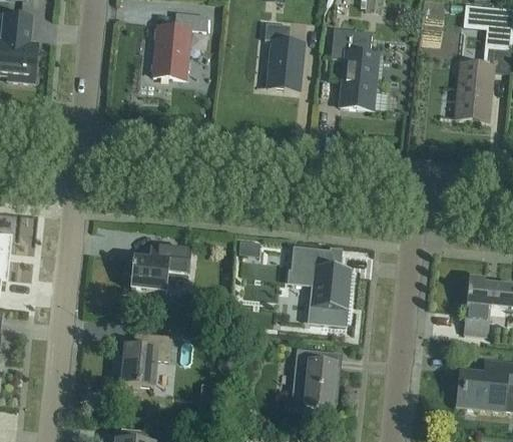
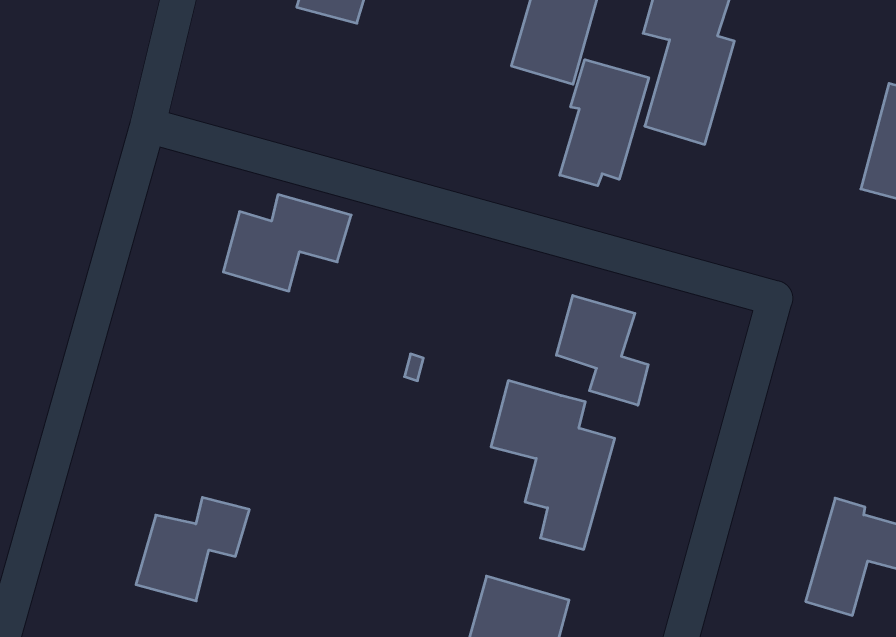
building: none -> [560,60,649,186]
building: none -> [556,295,648,405]
building: [130,244,190,292] -> [223,195,351,291]

